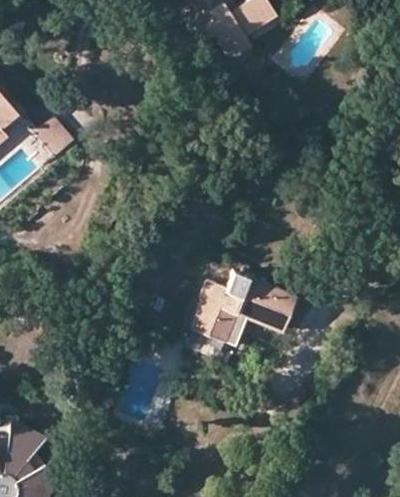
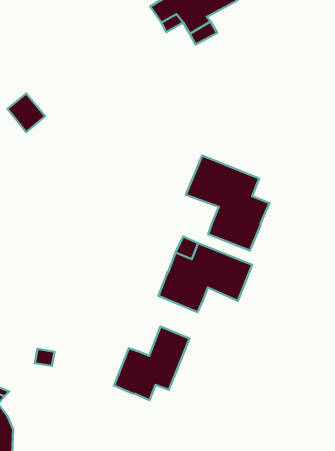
building: none -> [186,155,269,250]
building: none -> [114,326,189,400]

